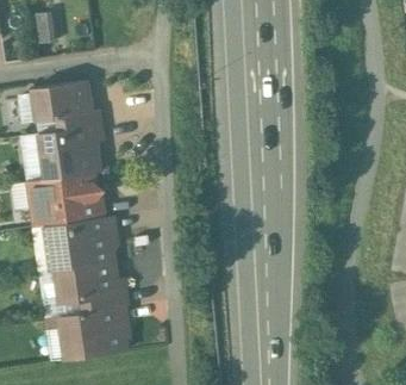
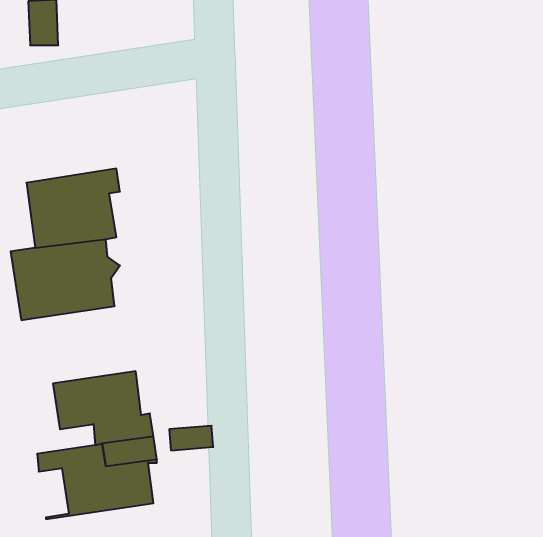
building: [31,81,99,135] -> none
building: [42,217,112,272] -> none

